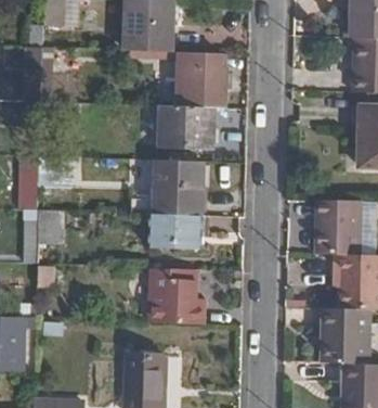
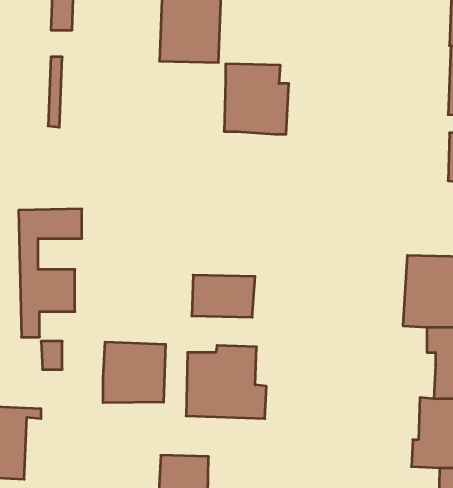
building: [158,104,216,148] -> none
building: [153,158,203,216] -> none
building: none -> [103,342,166,403]

